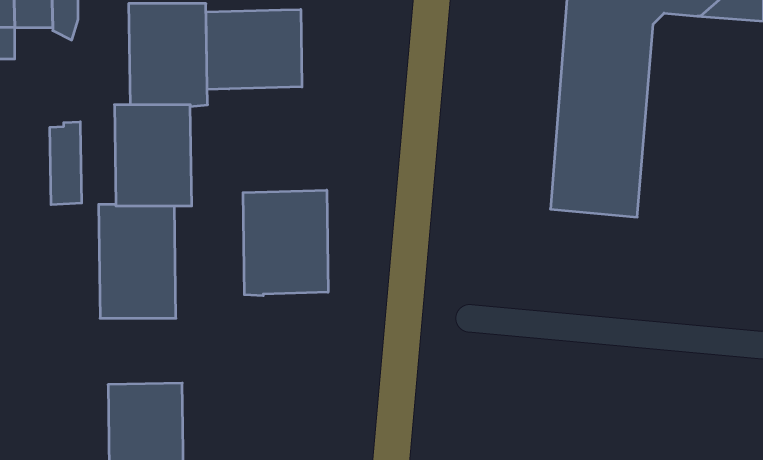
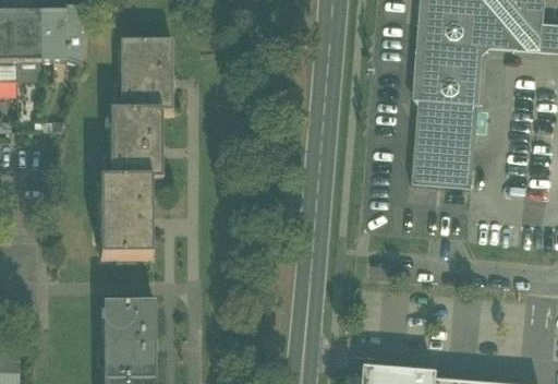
building: [206,9,302,89] -> none
building: [50,122,82,205] -> none
building: [243,190,328,296] -> none

